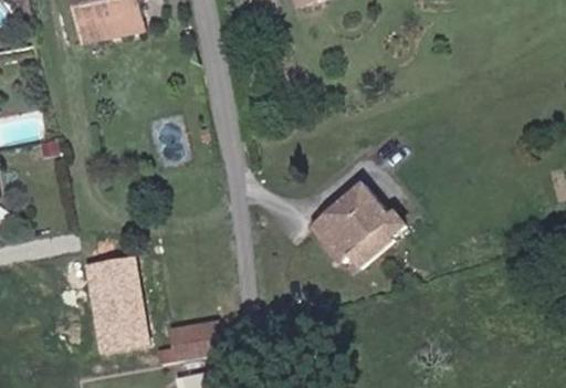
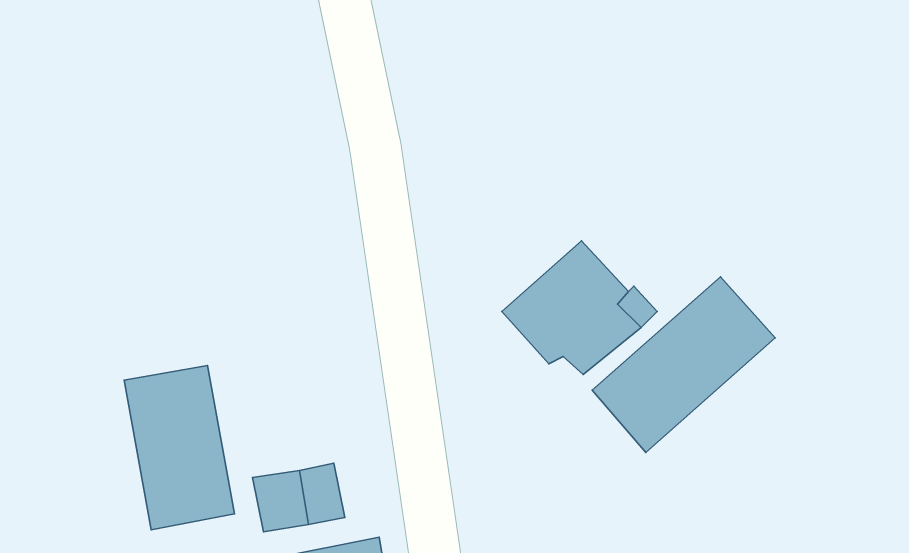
building: none -> [592,277,775,453]

